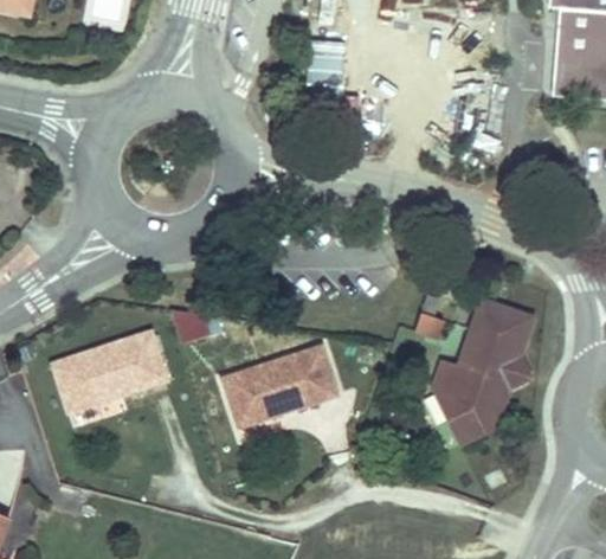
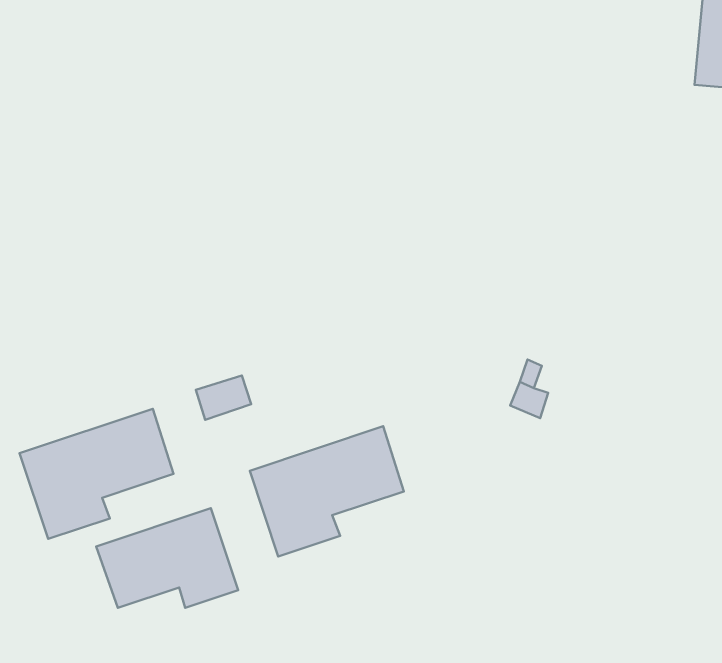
building: [432,300,534,442] -> none
building: none -> [96,508,238,608]

